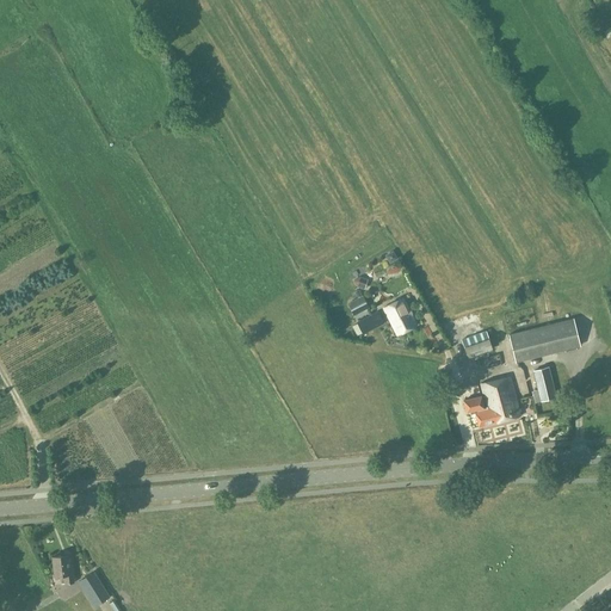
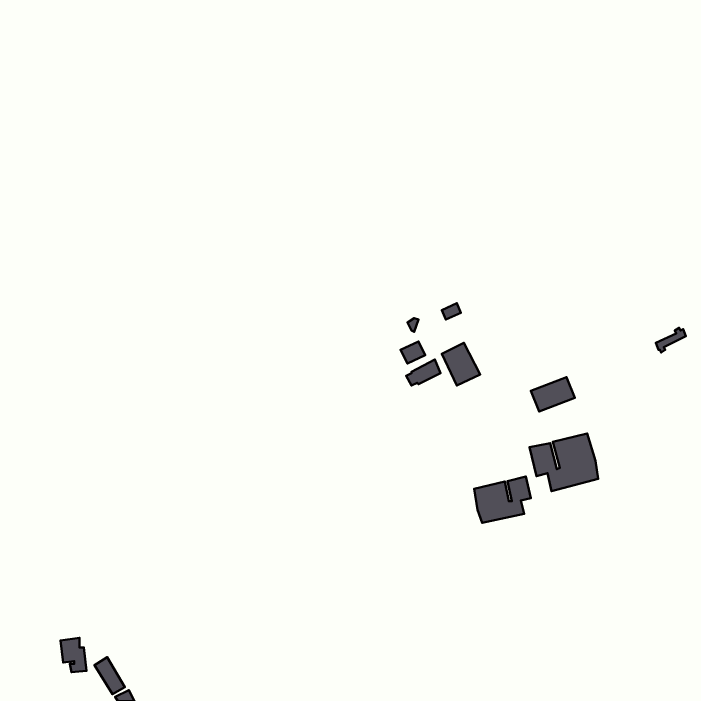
building: [510,319,580,363] -> none
building: [532,368,557,408] -> none
building: none -> [474,476,531,523]

